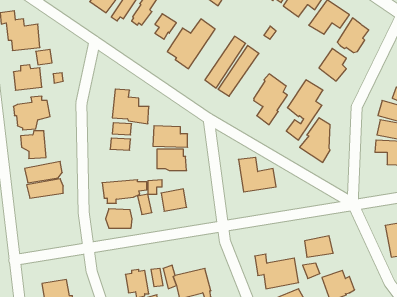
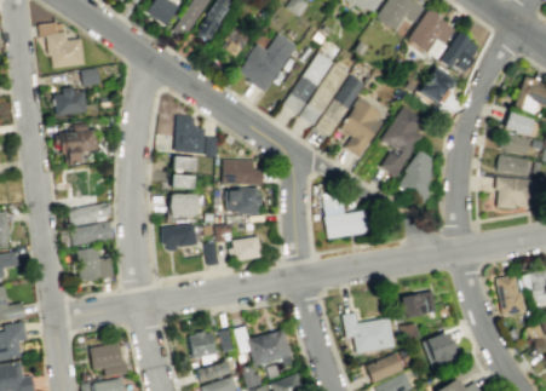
building: none -> [315,74,363,137]
building: none -> [75,247,120,282]
building: [106,209,132,228] -> [167,192,199,215]

